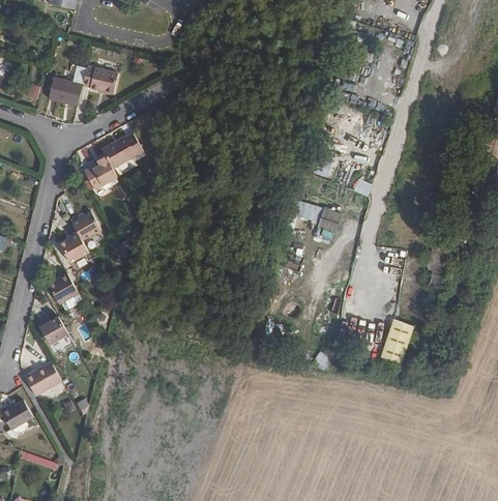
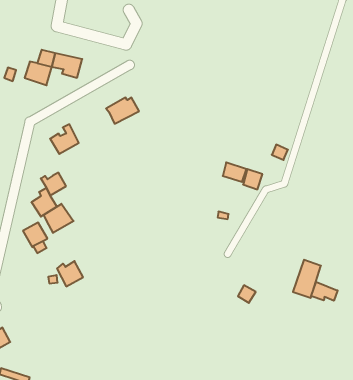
building: [102,136,143,168] -> [106,98,139,124]
building: none -> [44,204,74,233]
building: [35,314,67,345] -> [57,261,83,286]
building: none -> [311,282,338,301]
building: [26,360,62,395] -> none

